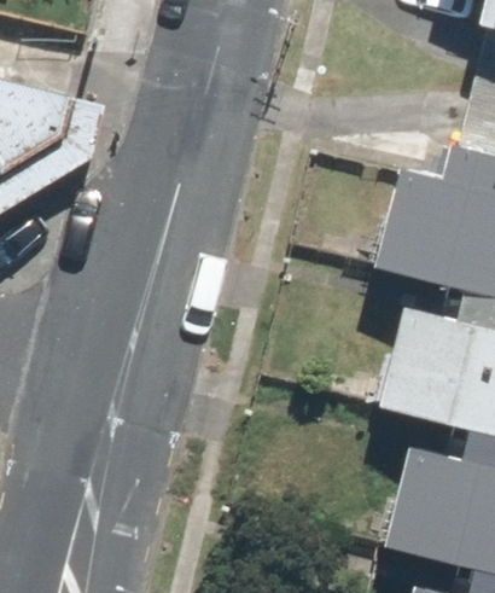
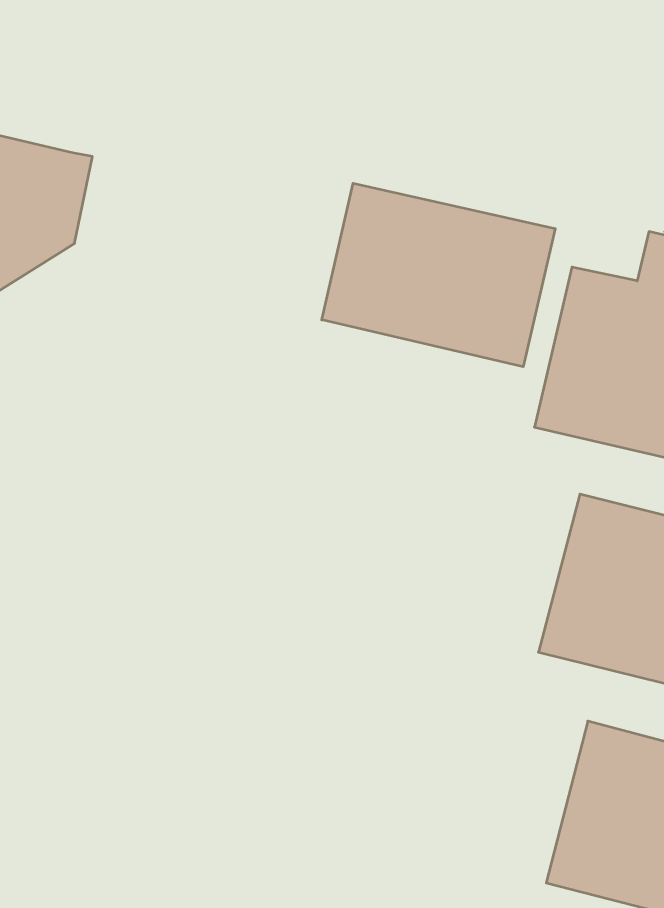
building: none -> [322,183,555,367]

